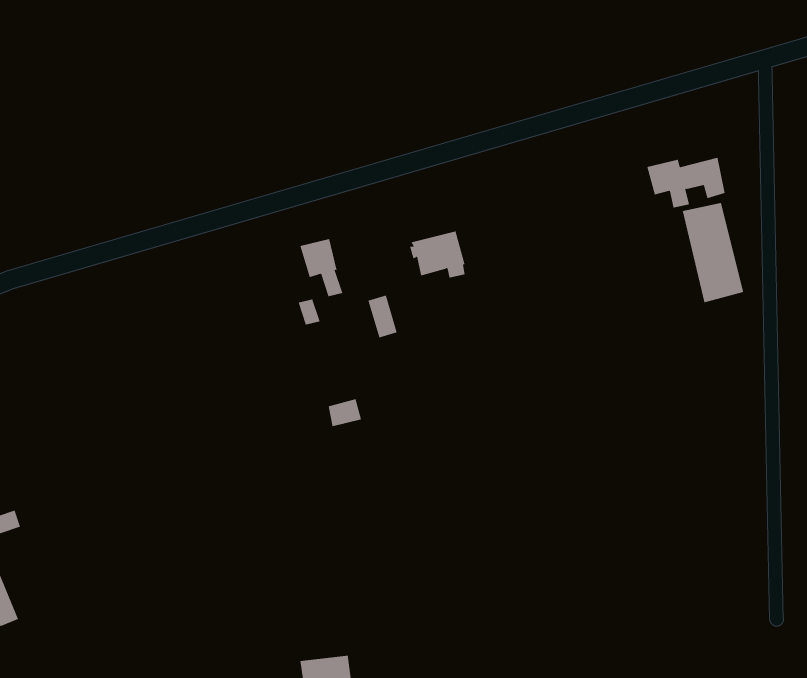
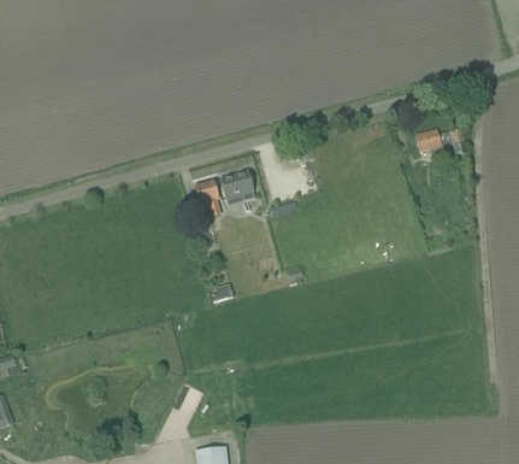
building: [682,202,744,303] -> none
building: [409,231,466,278] -> [218,170,254,200]

